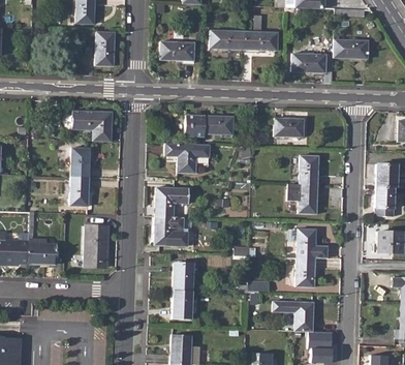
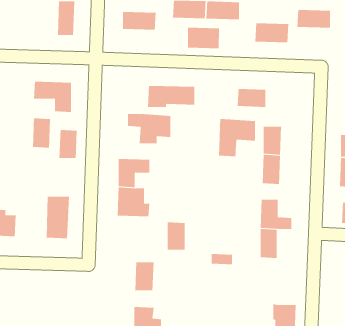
building: none -> [187,27,219,49]
building: none -> [219,118,256,157]
building: [70,176,89,205] -> [59,129,77,159]
building: [174,262,192,290] -> [167,222,186,250]
building: [273,300,313,332] -> none

